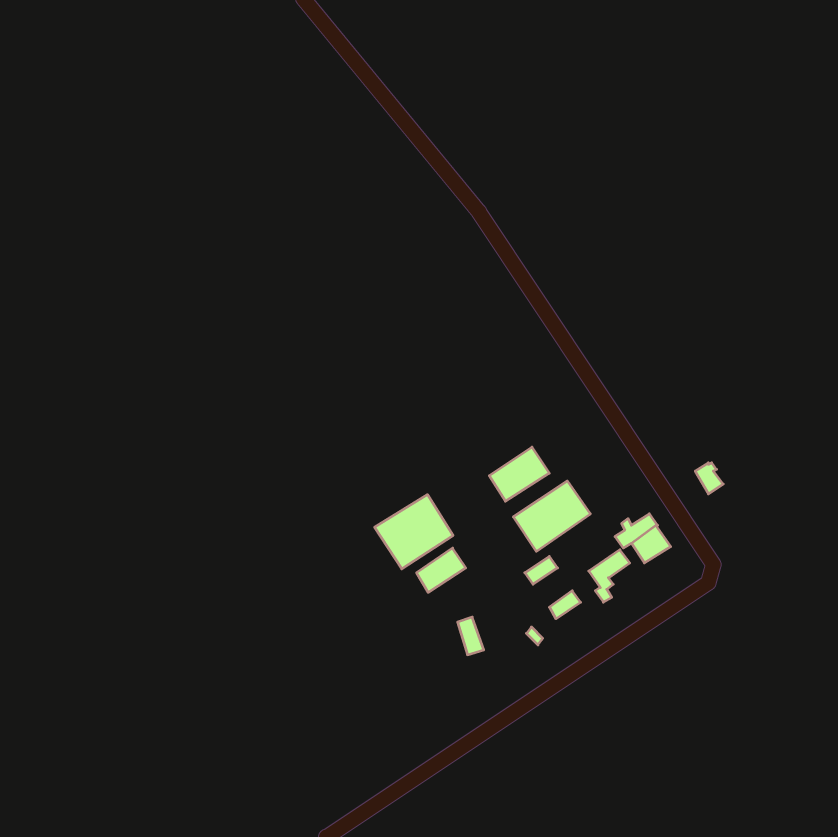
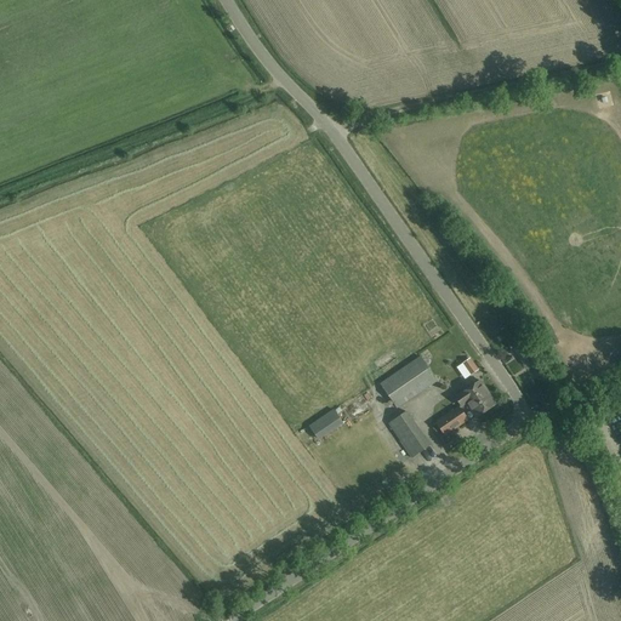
building: [489,447,549,501] -> none
building: [375,495,453,569] -> none

